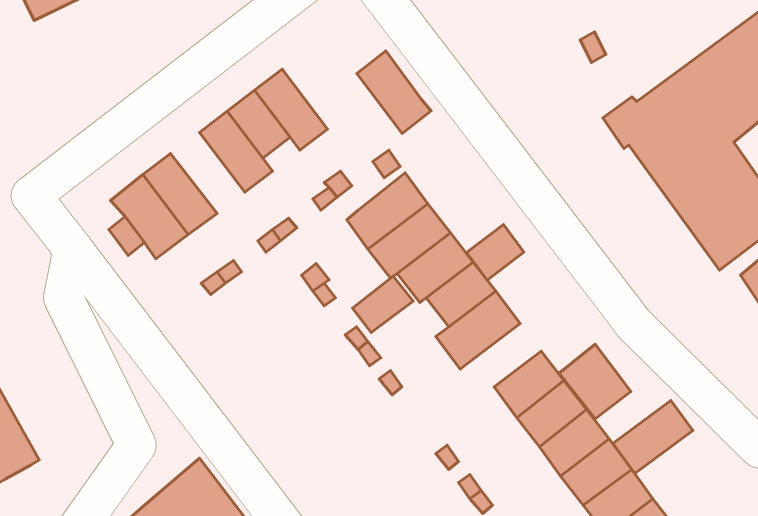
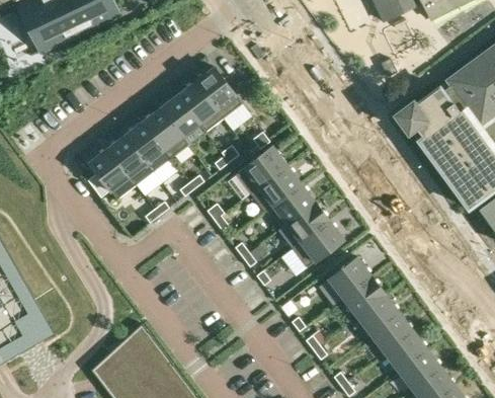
building: [357,51,431,133] -> [195,68,242,120]
building: none -> [126,122,172,172]
building: [467,224,524,280] -> none
building: [352,276,413,333] -> none
building: [559,344,631,419] -> none
building: [613,400,693,473] -> none

